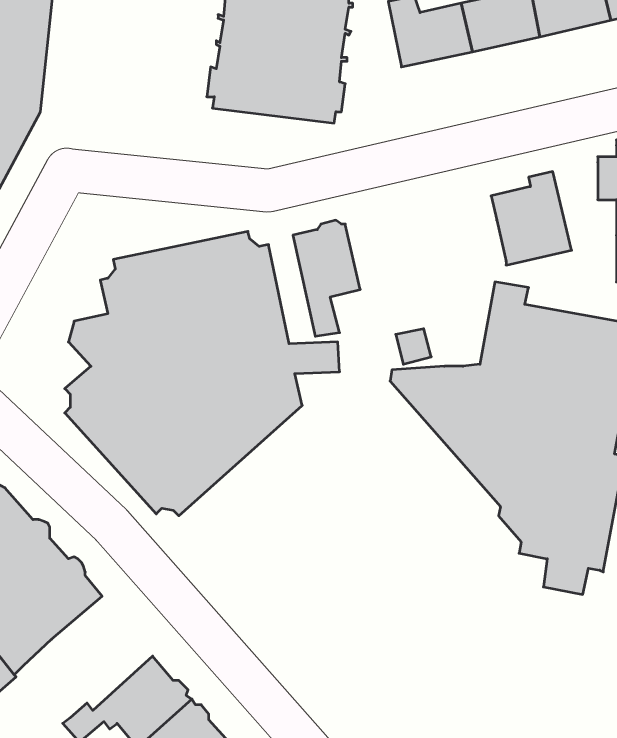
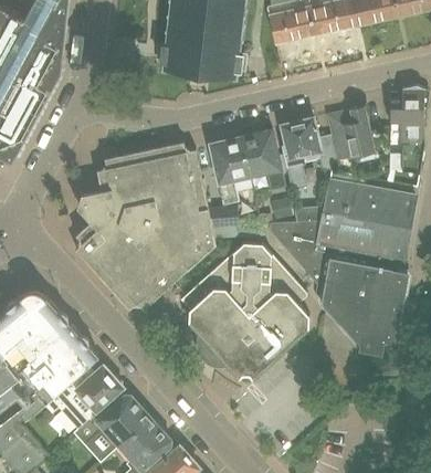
building: none -> [281,117,336,221]
building: none -> [241,129,284,189]
building: none -> [180,242,308,378]
building: none -> [51,365,123,429]

